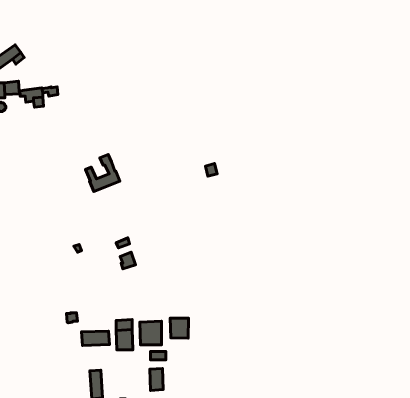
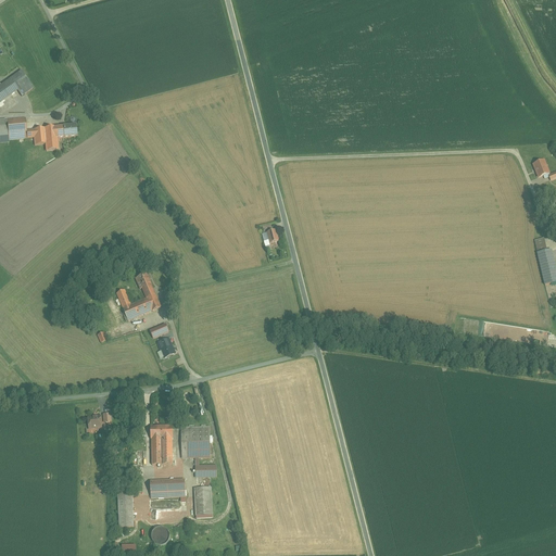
building: [85,154,120,191] -> [116,271,161,319]
building: [170,318,188,338] -> none
building: [82,331,109,345] -> [150,479,186,497]

